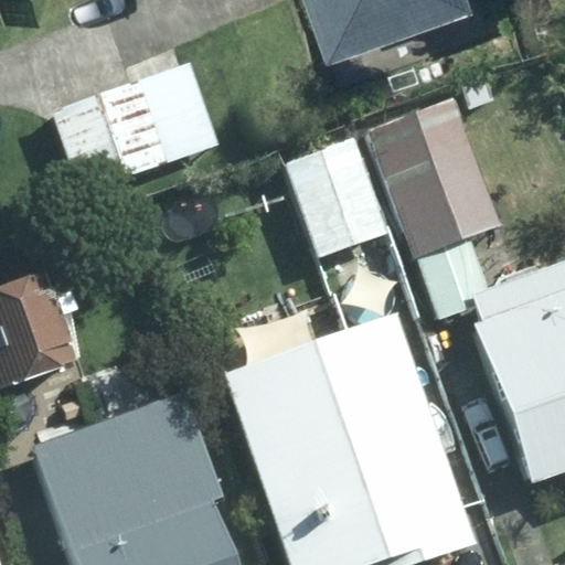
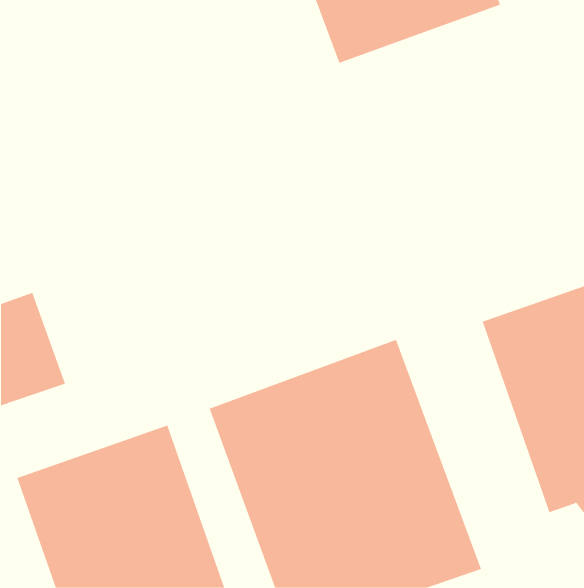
building: [57,54,231,198] -> none
building: [369,99,501,257] -> none
building: [287,138,390,258] -> none

